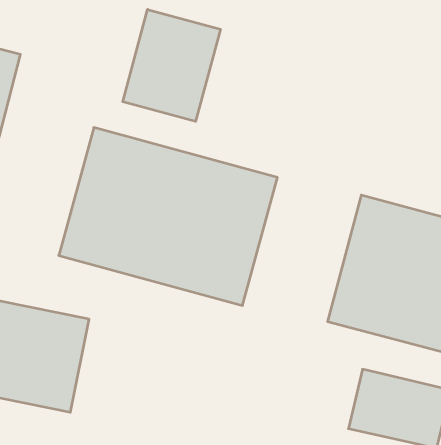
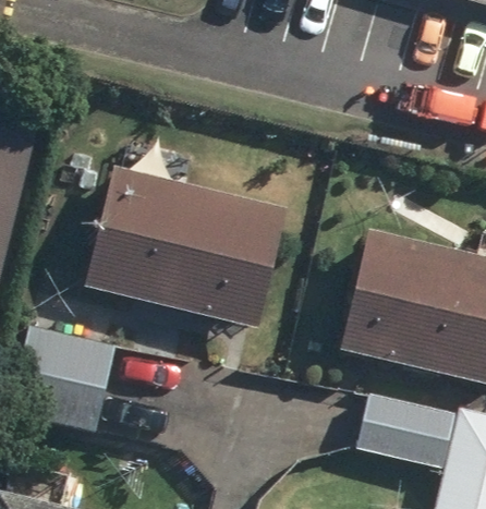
building: [123,9,220,121] -> none

